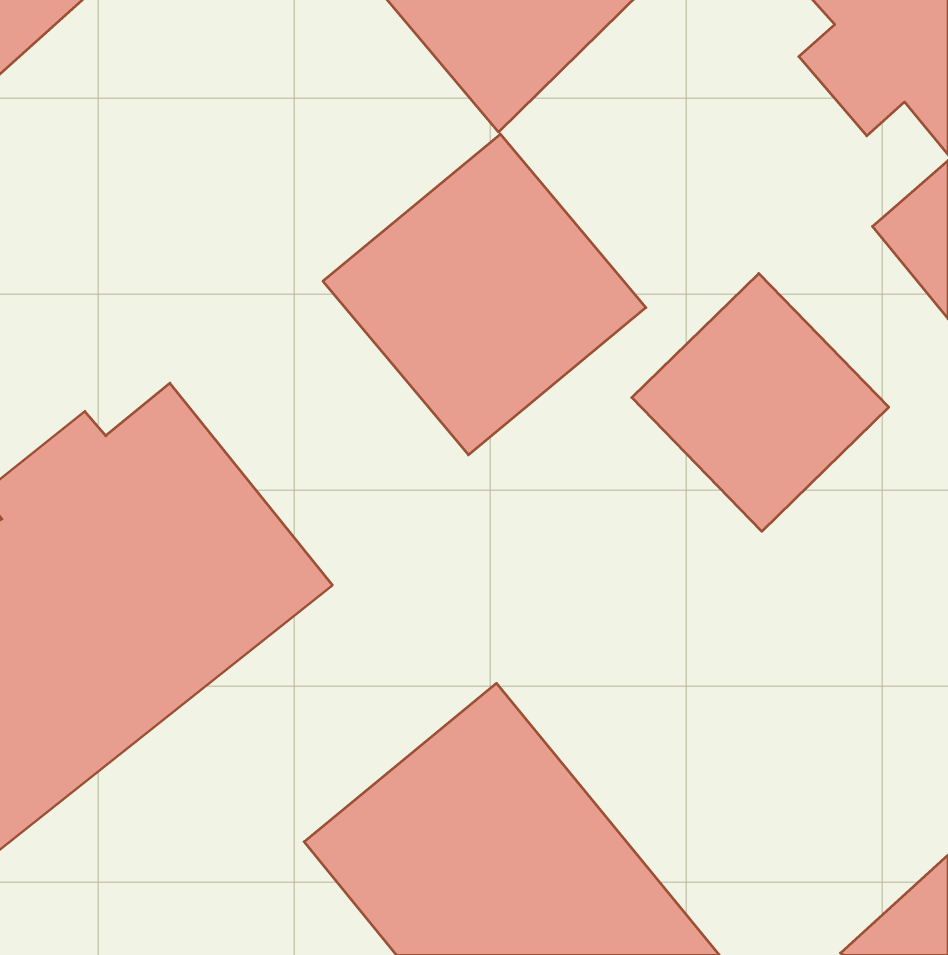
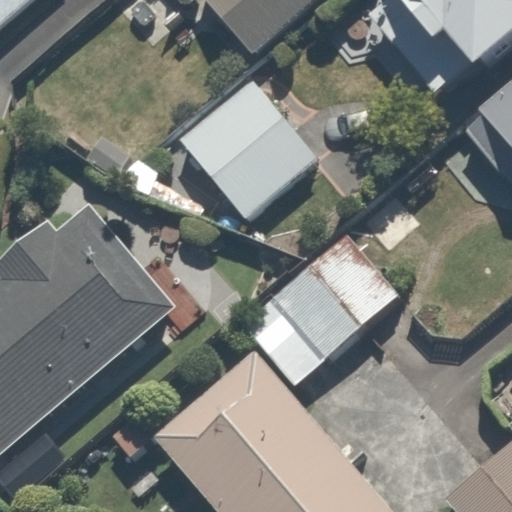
building: [632,273,889,531] -> none
building: none -> [243,230,397,384]

